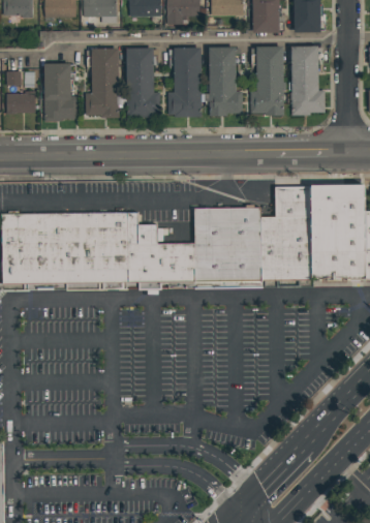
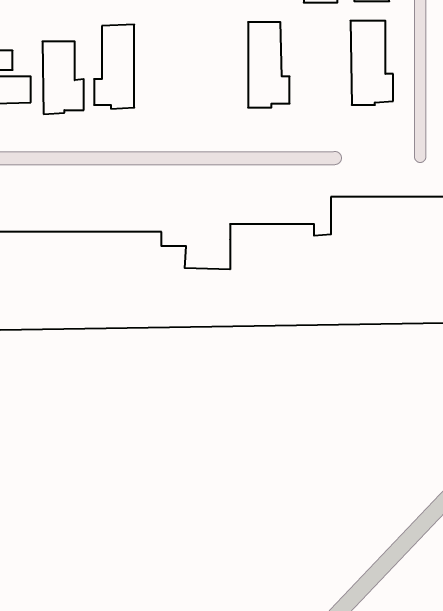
building: [250,45,284,113] -> none
building: [126,47,160,116] -> none
building: [167,47,202,115] -> none

